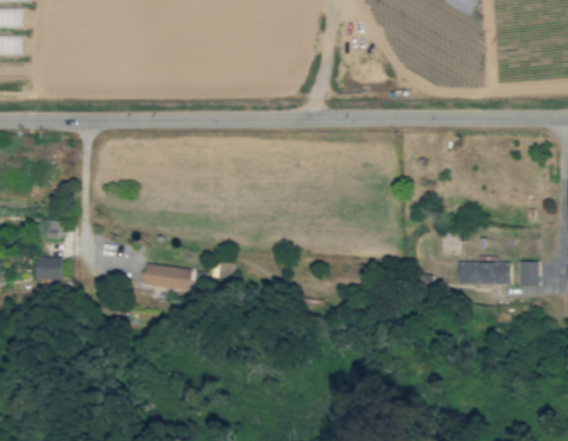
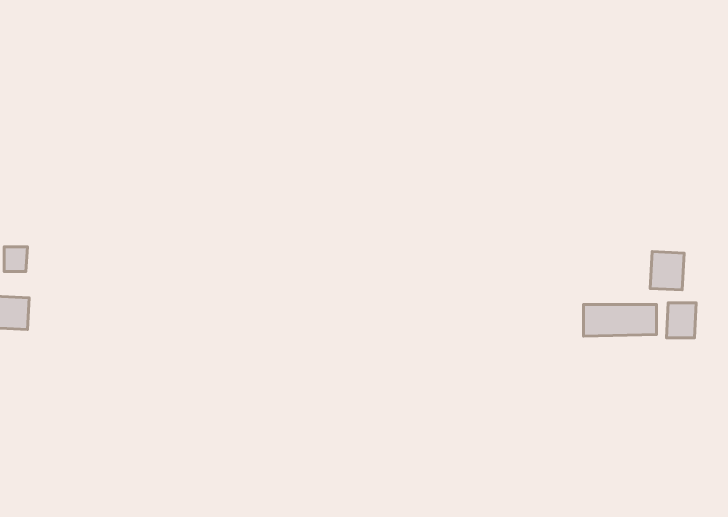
building: none -> [650,252,684,290]
building: [144,264,191,291] -> none

